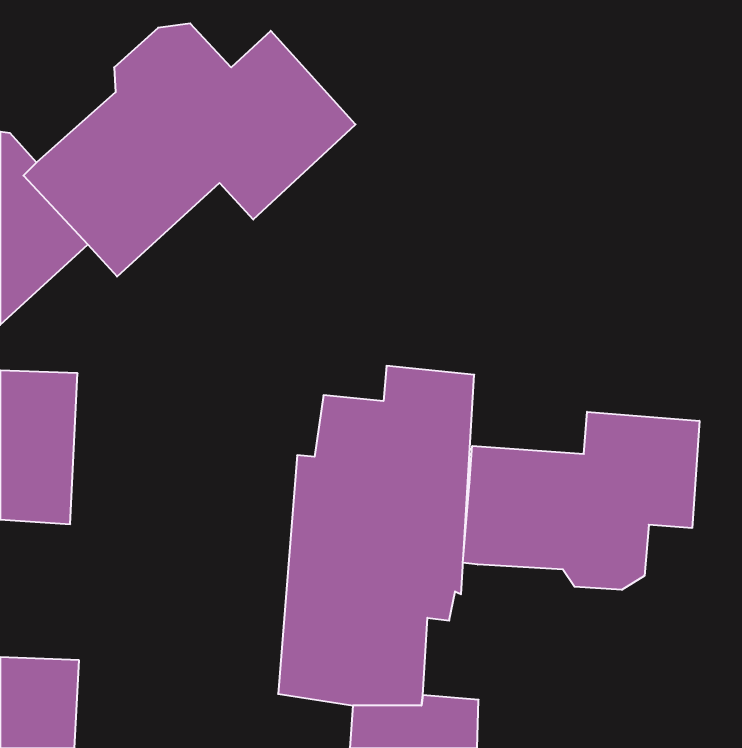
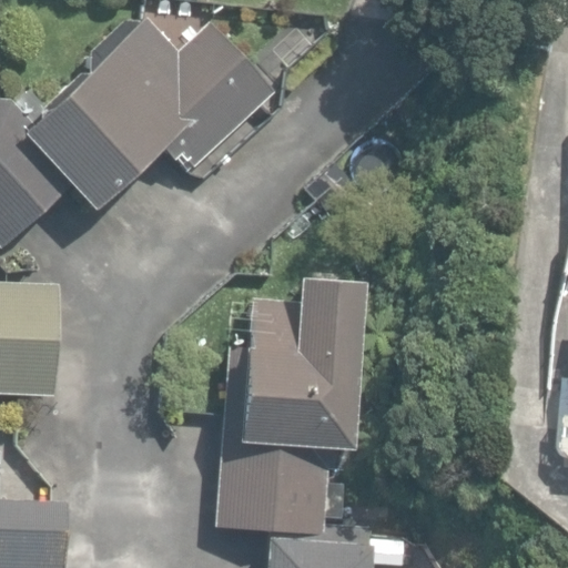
building: [463,412,699,590] -> none

